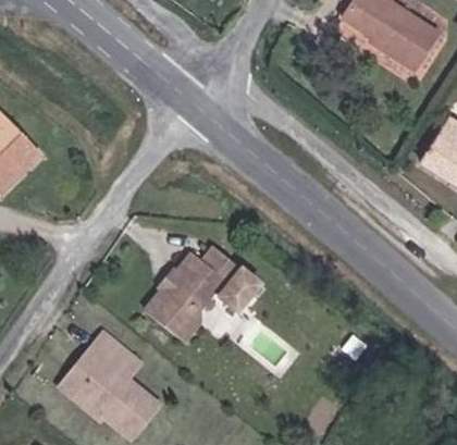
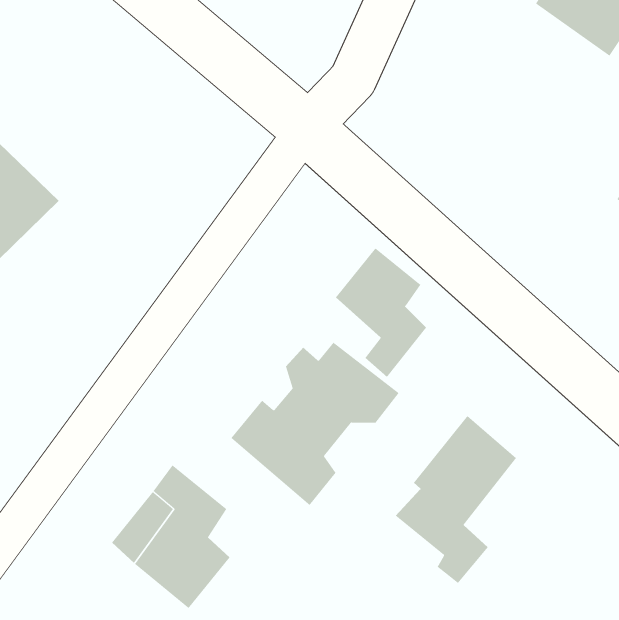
building: none -> [335,247,427,378]
building: none -> [395,415,517,584]

